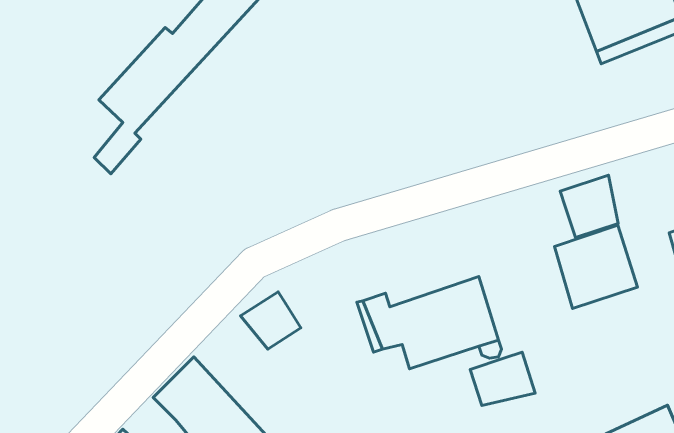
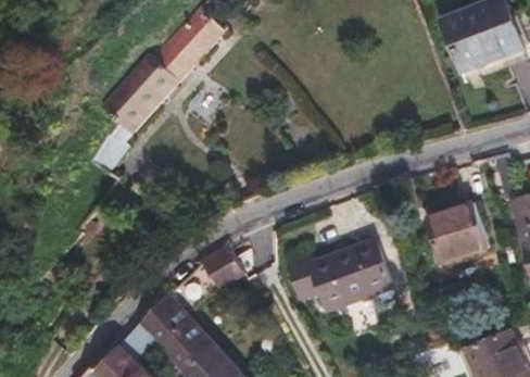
building: [560,175,618,237] -> none
building: [470,352,535,405] -> none

